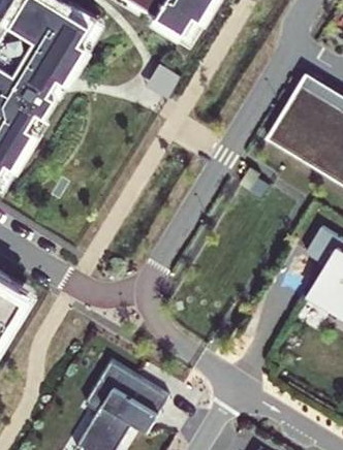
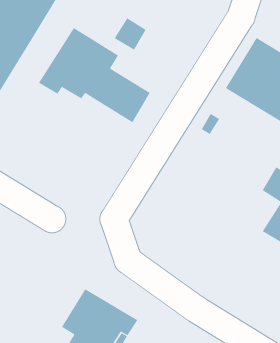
building: none -> [38,27,150,123]

